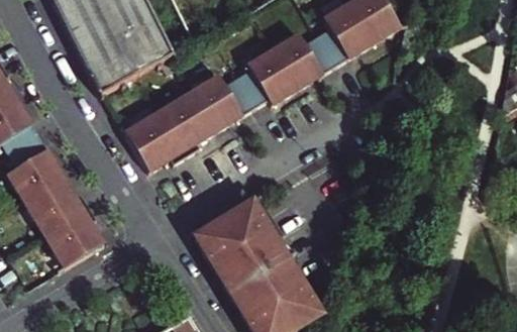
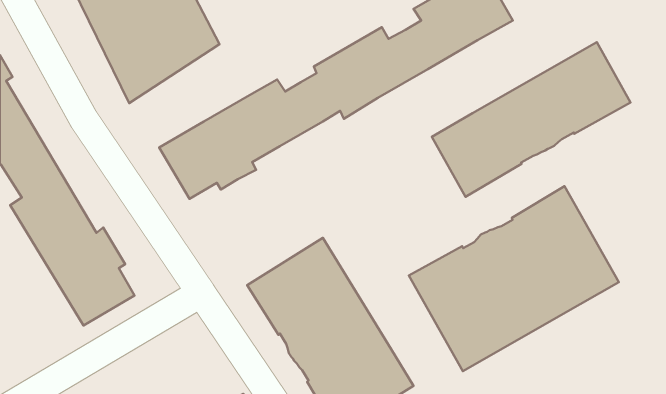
building: none -> [432,42,630,197]
building: none -> [409,186,619,371]

